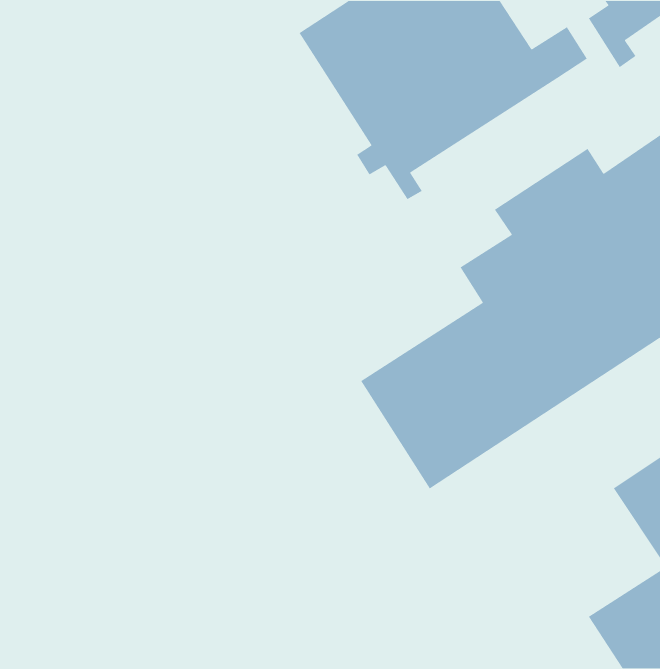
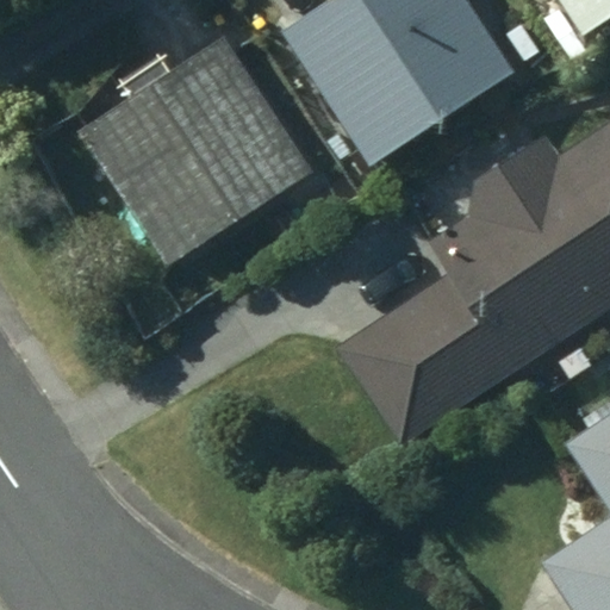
building: none -> [79,39,311,264]

